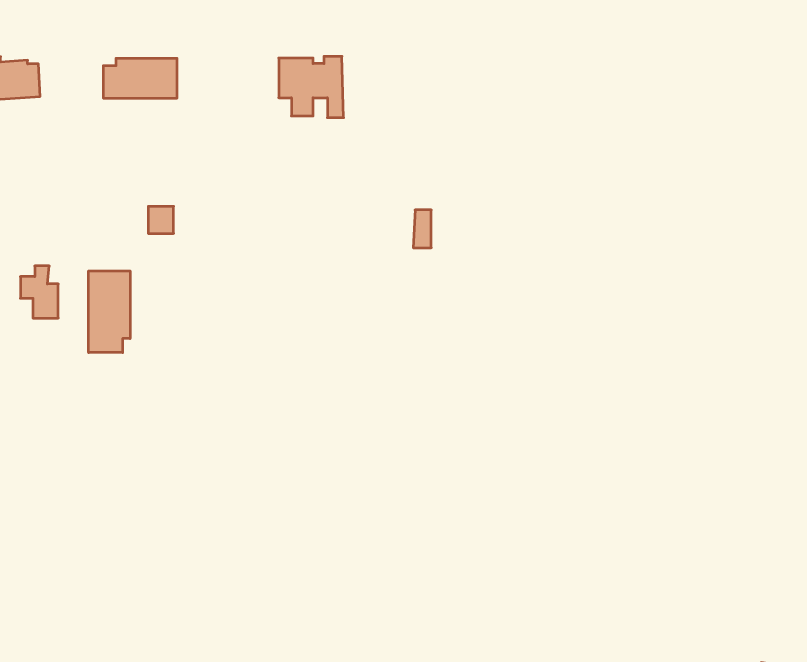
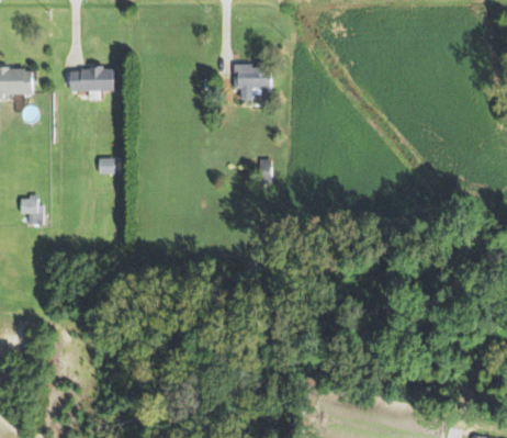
building: [279,56,344,118] -> [233,64,272,101]
building: [89,271,130,353] -> none

